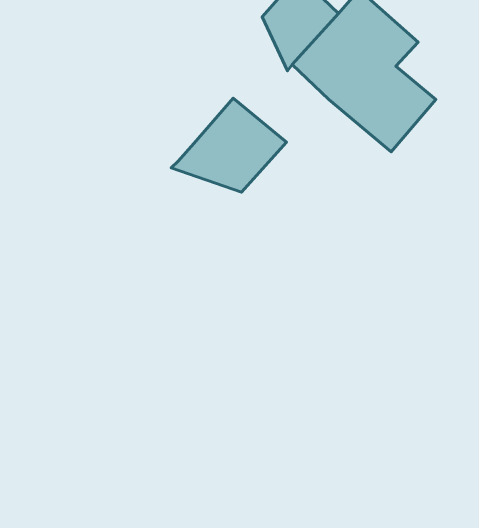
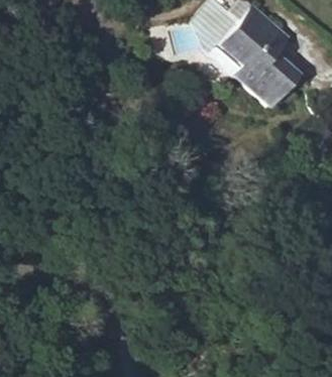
building: [171,98,286,192] -> none

